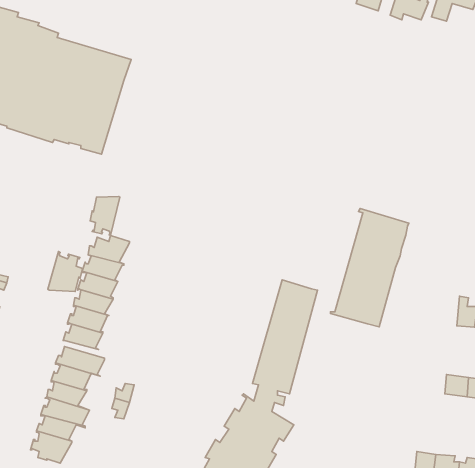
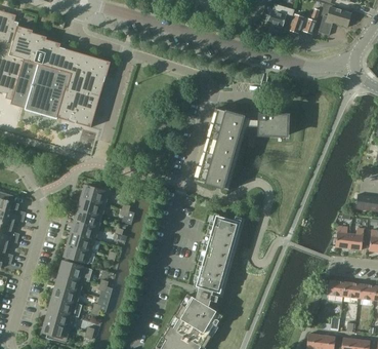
building: none -> [258,113,288,137]
building: [90,196,120,236] -> none
building: [330,208,409,327] -> [195,108,249,190]
building: [48,252,83,292] -> none

